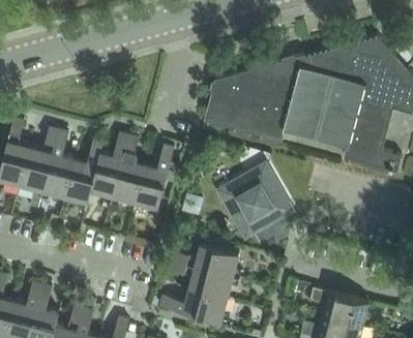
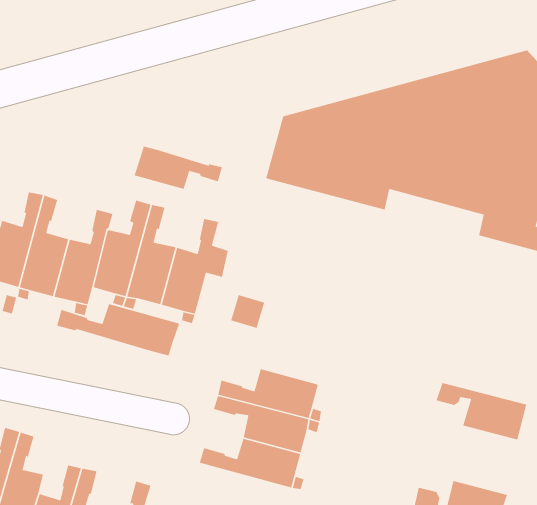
building: none -> [134,145,223,190]
building: [219,168,289,237] -> none
building: none -> [56,303,180,357]
building: [308,289,368,328] -> [436,382,527,440]

